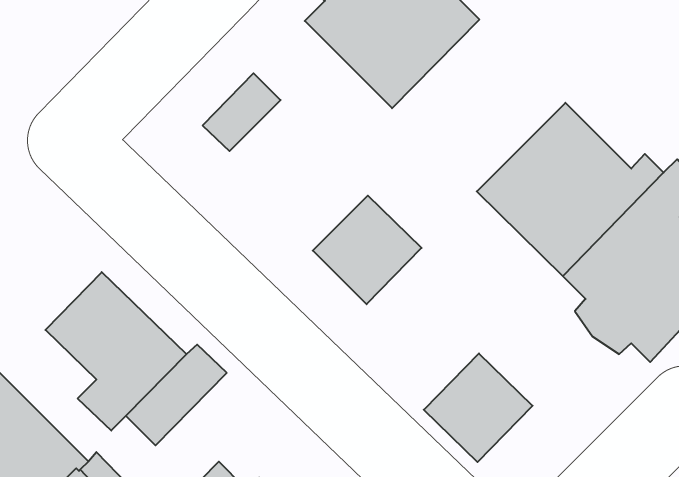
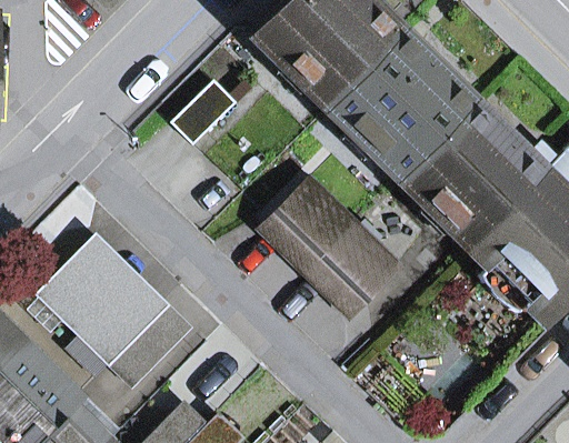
building: none -> [329,34,472,177]
building: [424,353,533,462] -> [308,223,398,313]

